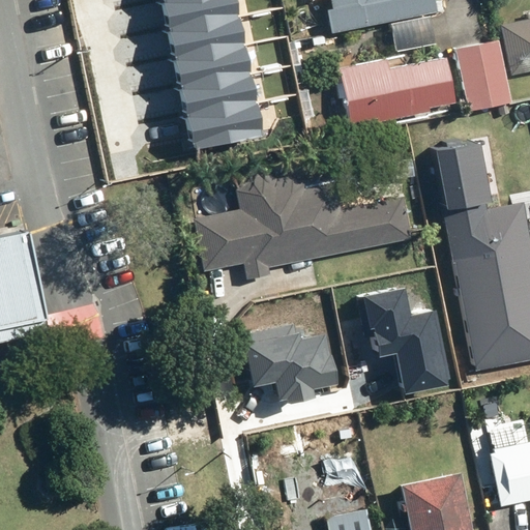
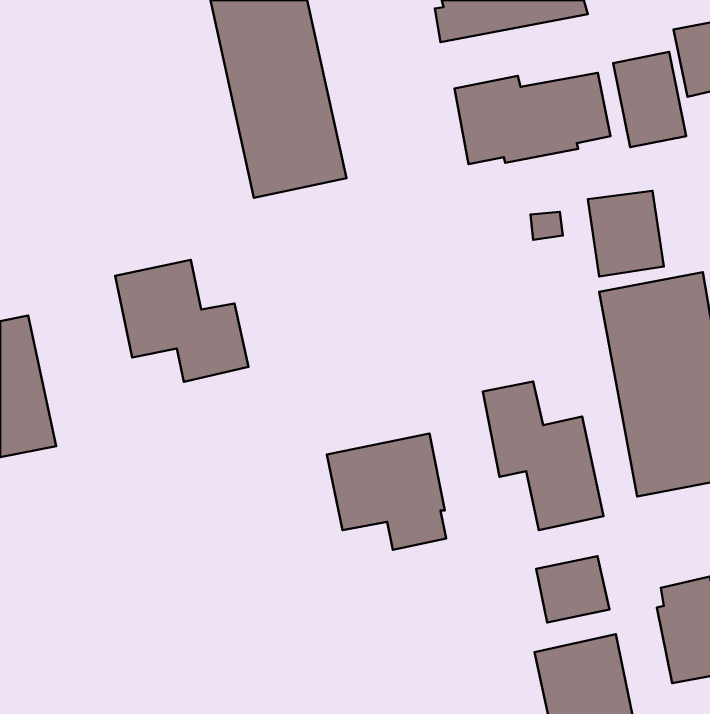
building: [195,170,414,278] -> none
building: none -> [115,260,248,382]
building: none -> [536,556,609,623]

